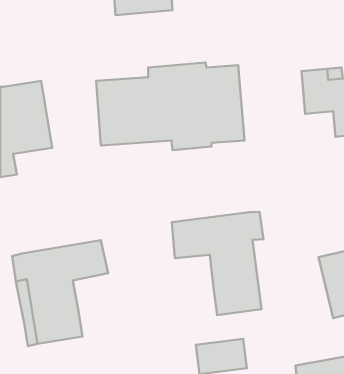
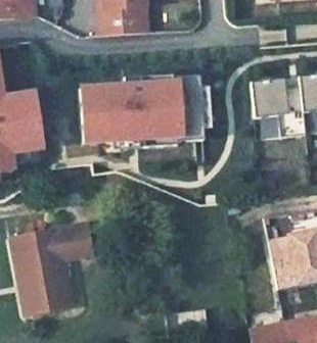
building: [172,212,264,315] -> none

